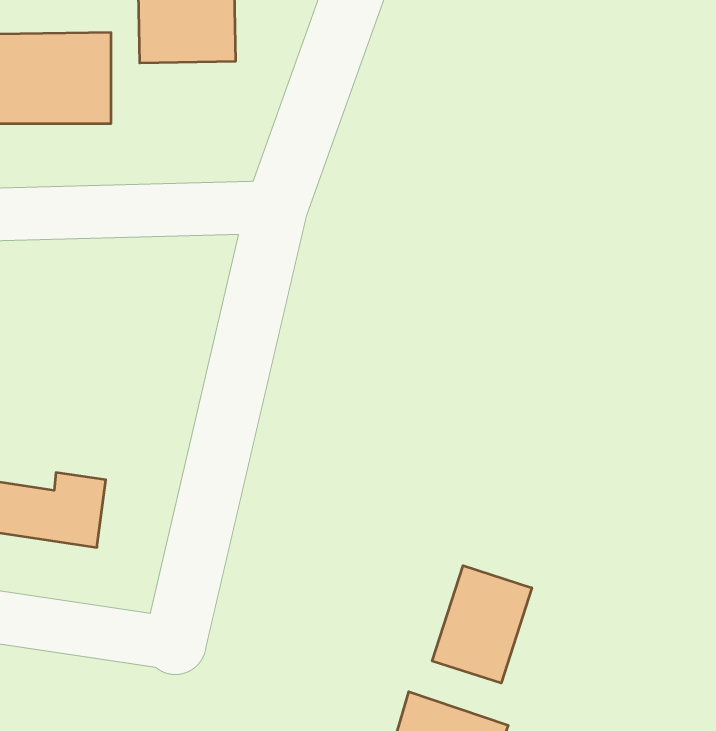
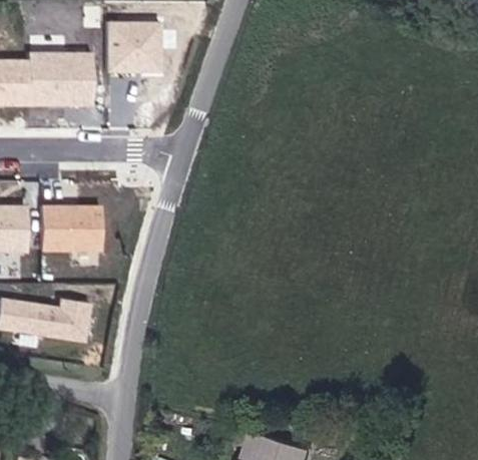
building: none -> [42,206,101,251]
building: [432,566,532,683] -> none

